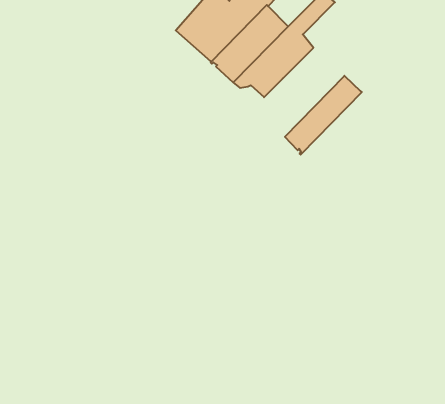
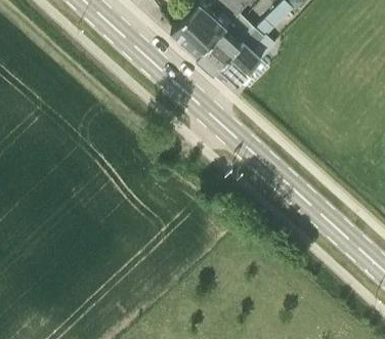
building: [285,76,362,155] -> none

